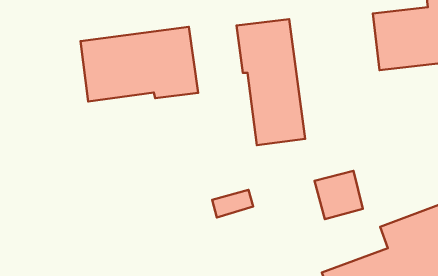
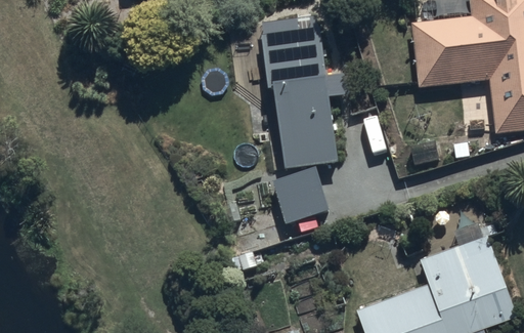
building: [80,27,198,101] -> none
building: [314,171,363,219] -> [274,170,328,223]

